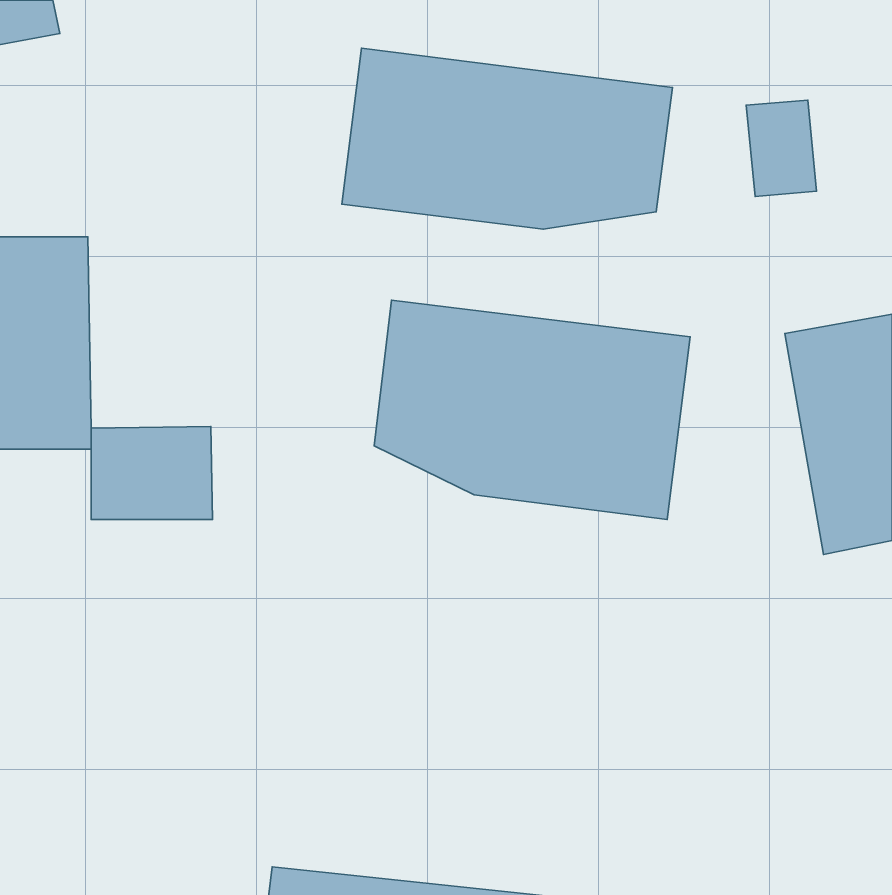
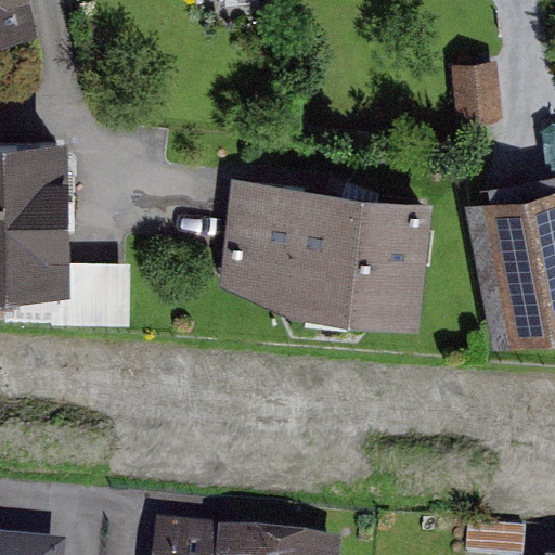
building: [342,48,672,229] -> none

